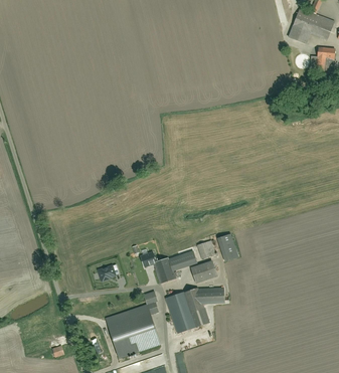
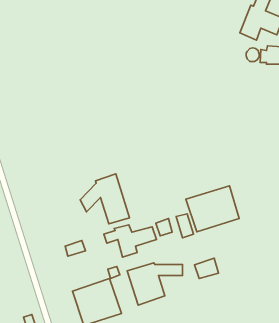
building: none -> [80,174,130,224]
building: none -> [186,186,239,232]
building: [192,260,218,283] -> [195,258,219,279]

